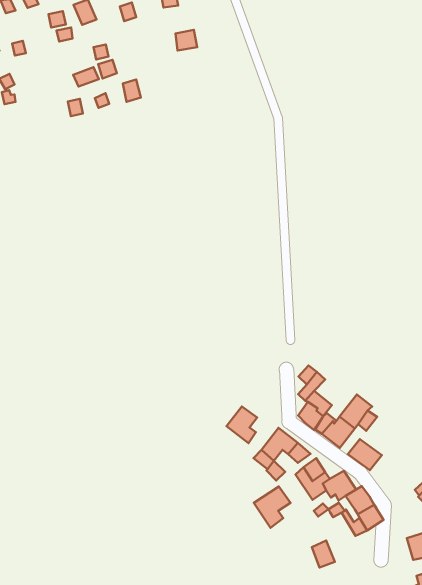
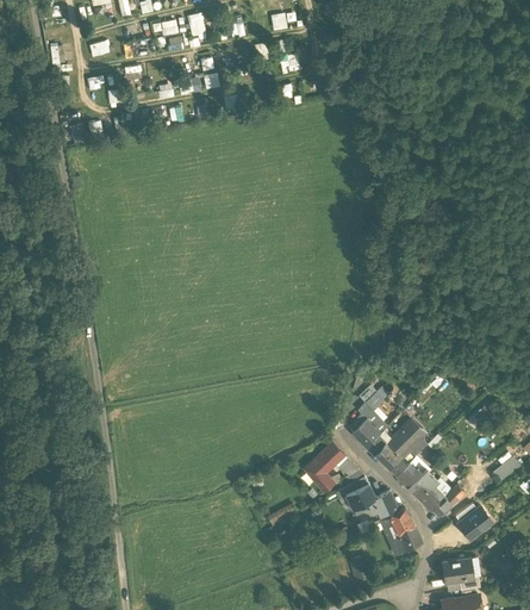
building: [227,407,257,443] -> none
building: none -> [414,480,450,516]
building: [254,486,291,528] -> none

